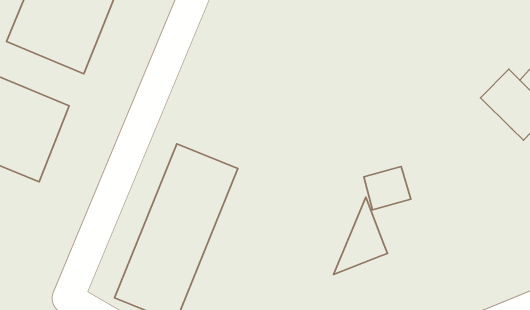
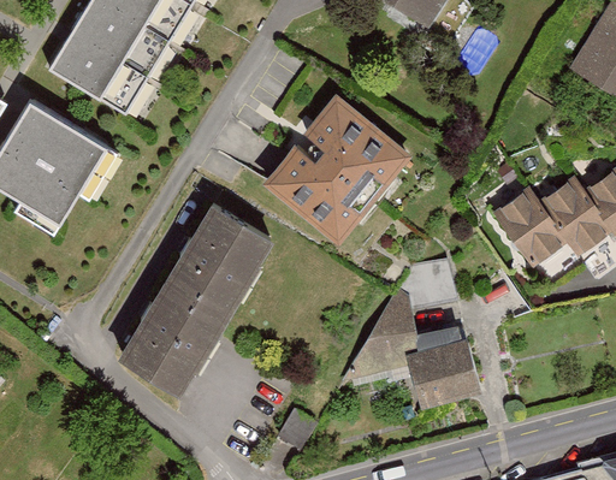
building: none -> [267,97,410,242]
building: none -> [494,189,569,267]
building: none -> [411,330,479,408]

